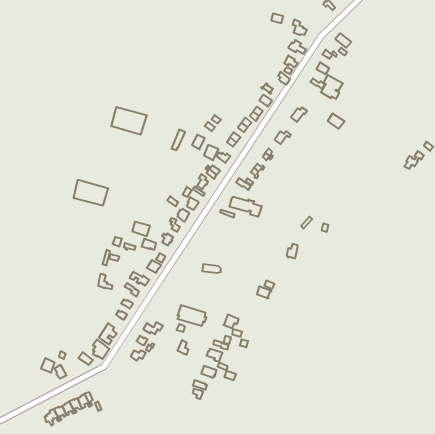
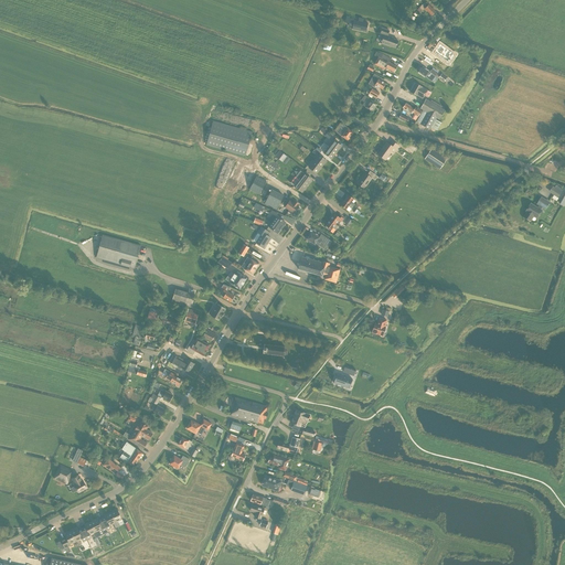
building: [111,107,147,134] -> [205,118,252,153]

